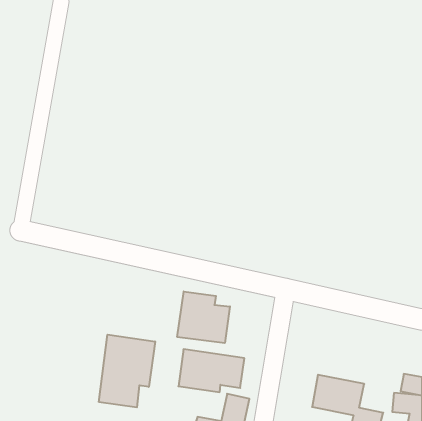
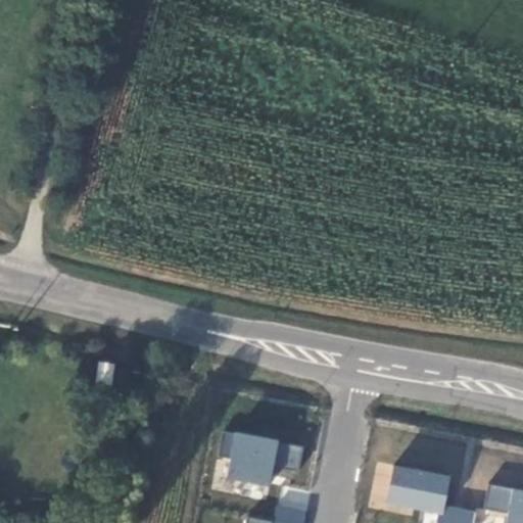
building: [177,291,230,343] -> none
building: [99,335,155,407] -> none

